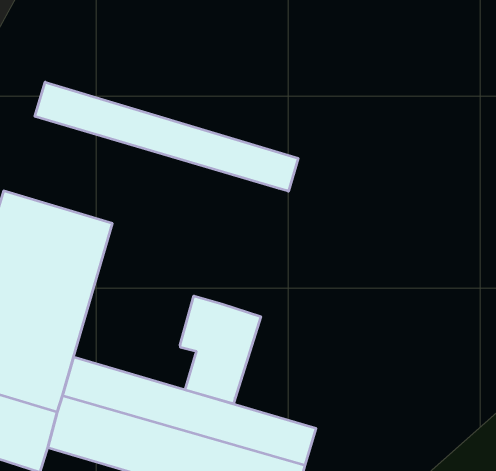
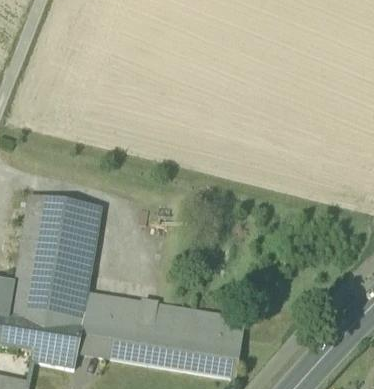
building: [35,82,298,191] -> none
building: [180,296,261,404] -> none

